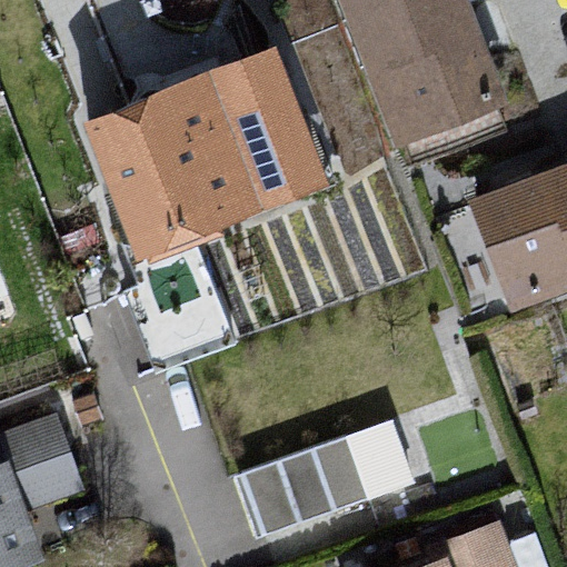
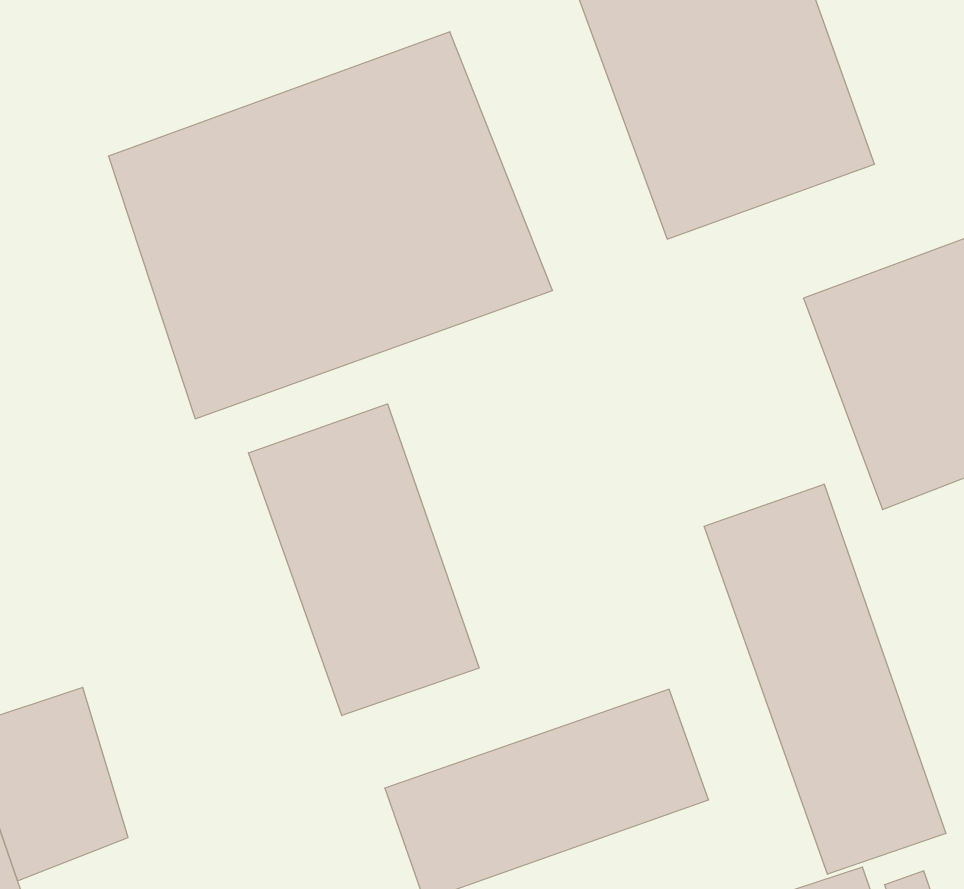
building: none -> [248,404,479,716]
building: none -> [704,484,946,874]

